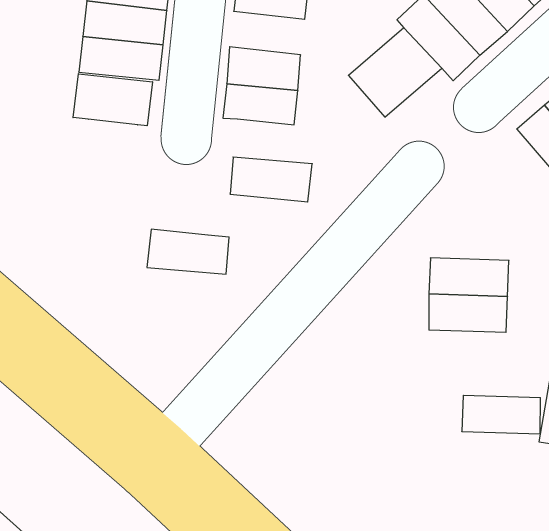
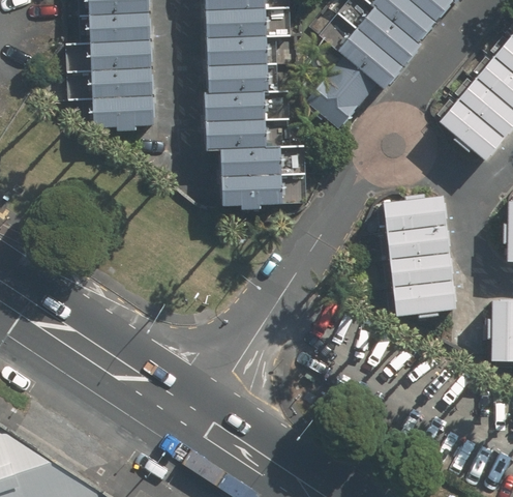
building: none -> [205,62,262,92]
building: [73,74,152,126] -> none
building: none -> [383,197,447,232]
building: [147,229,229,274] -> [220,144,283,177]
building: [462,395,540,434] -> [393,281,457,316]

